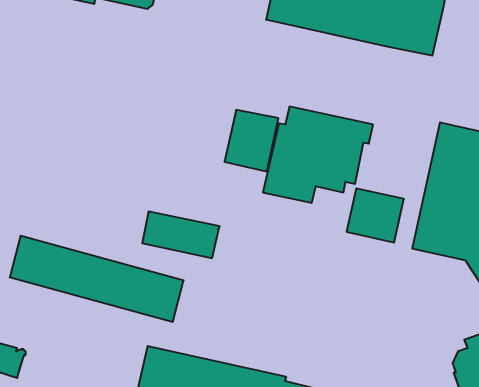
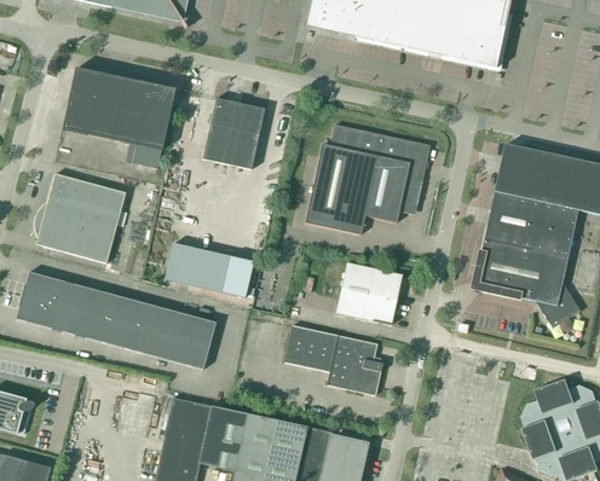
building: none -> [63,68,175,168]
building: [224,110,278,171] -> [203,99,265,169]
building: none -> [35,174,126,263]
building: [347,188,404,242] -> [336,263,402,325]
building: none -> [284,325,383,395]

